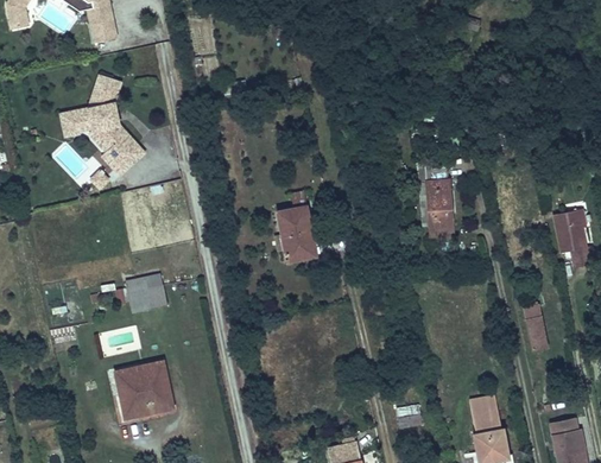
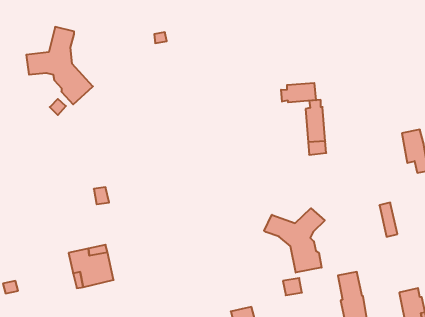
building: none -> [281,83,316,102]
building: [277,191,311,261] -> none
building: [126,273,163,312] -> none
building: none -> [264,208,325,273]

